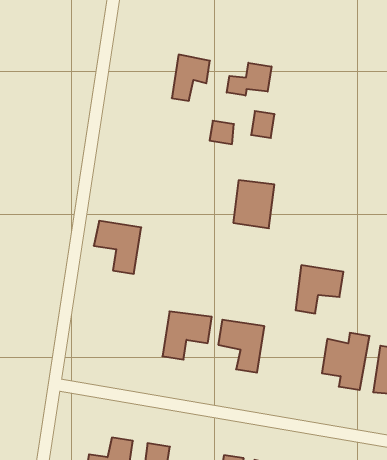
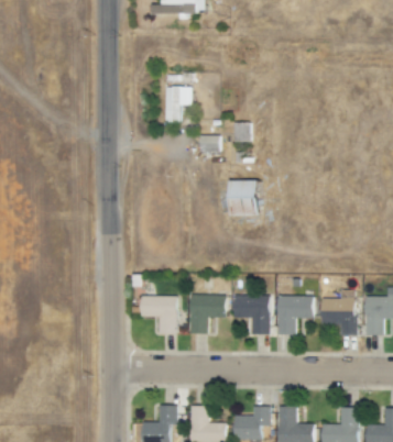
building: [227,63,271,96] -> none
building: [94,221,141,274] -> [140,296,176,334]
building: [296,265,343,313] -> [276,297,312,334]

